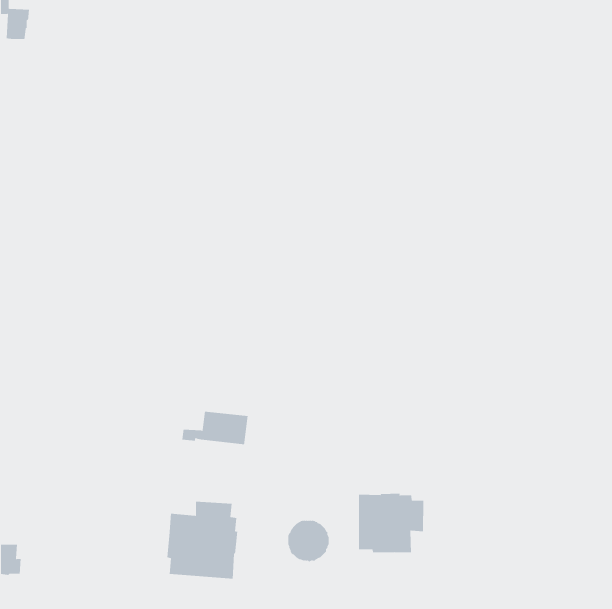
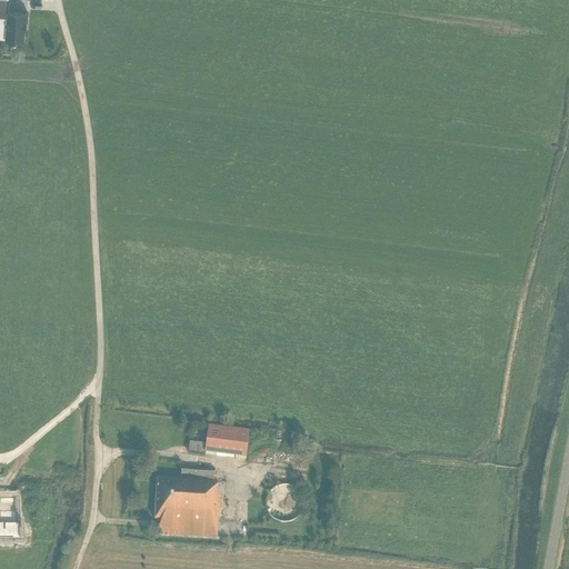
building: [182,411,249,445] -> [188,423,250,455]
building: [359,493,424,553] -> none

